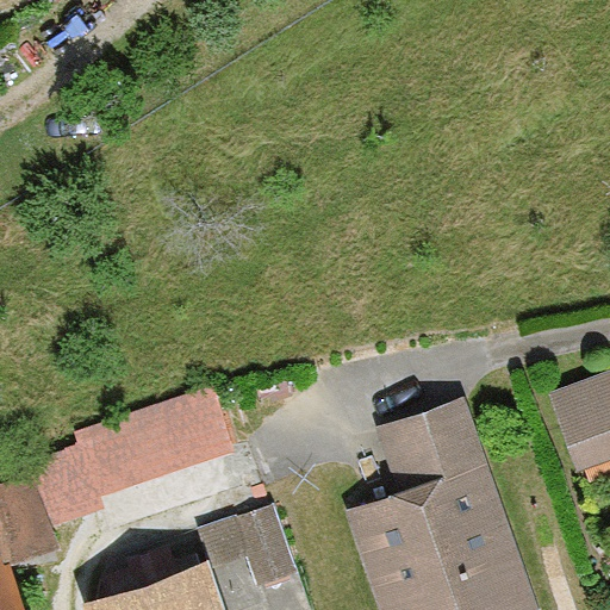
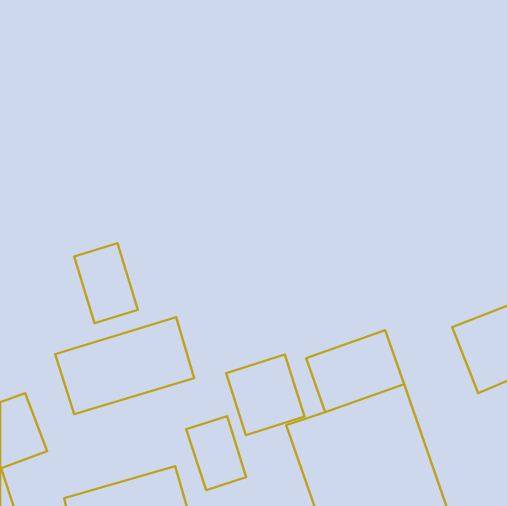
building: none -> [74,243,138,323]
building: none -> [226,354,304,435]

